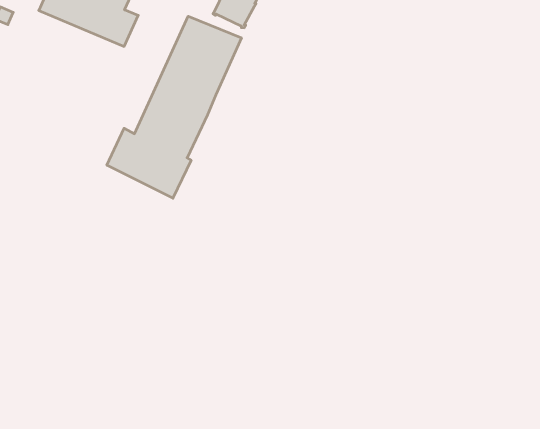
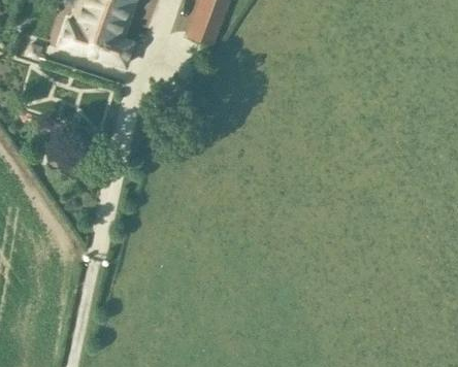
building: [107,16,241,198] -> none

